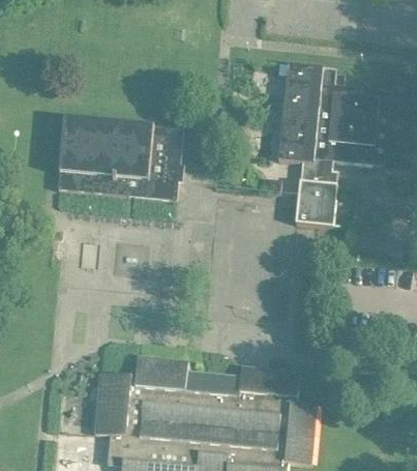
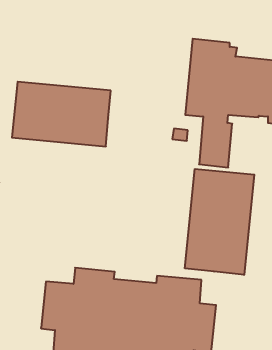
building: none -> [185,169,254,275]

